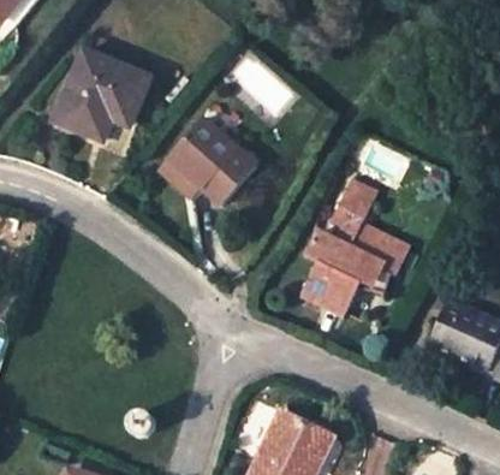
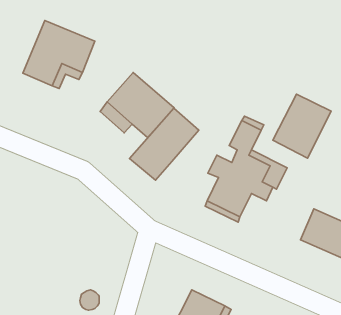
building: none -> [273,94,331,158]
building: none -> [129,108,199,180]

